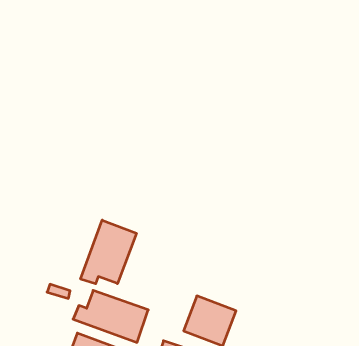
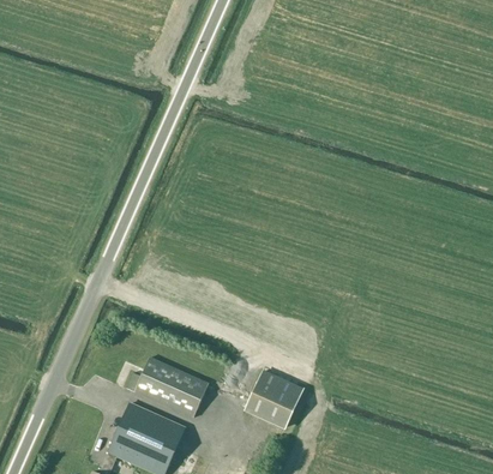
building: [81,220,136,284] -> none

